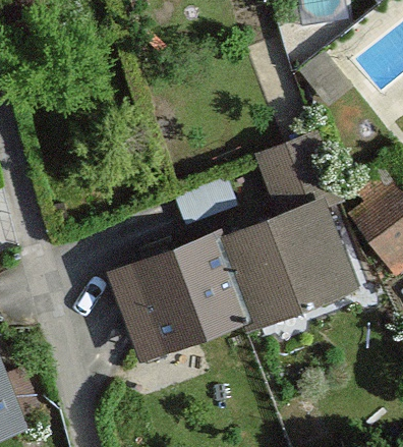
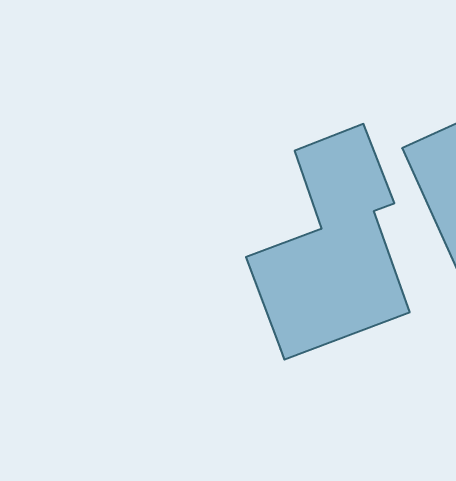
building: [113,239,248,359] -> none

